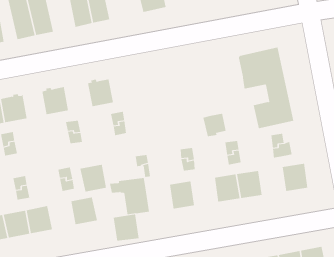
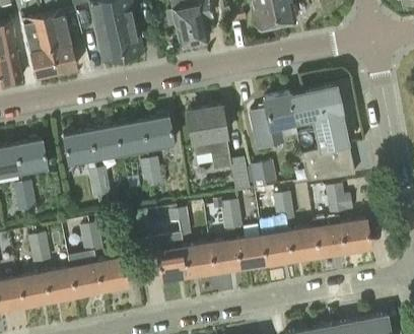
building: none -> [246,93,299,153]
building: none -> [187,106,251,191]
building: none -> [141,115,172,149]
building: none -> [89,125,121,158]
building: none -> [313,217,344,256]
building: [80,164,107,192] -> [70,263,101,295]
building: none -> [235,236,266,268]
building: [113,214,139,241] -> [184,244,214,275]

